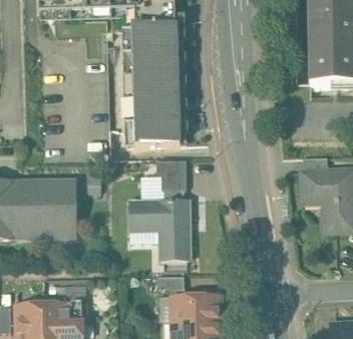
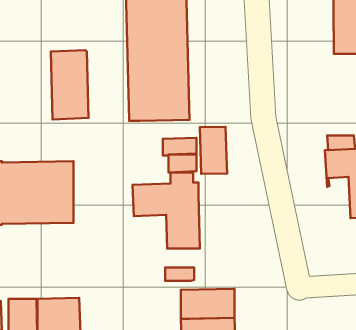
building: none -> [51,50,89,119]
building: none -> [200,127,227,174]

